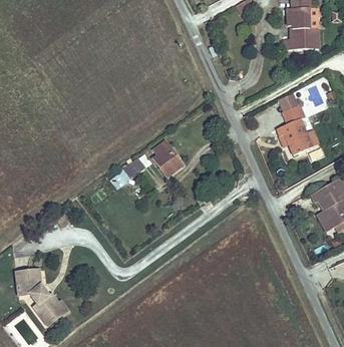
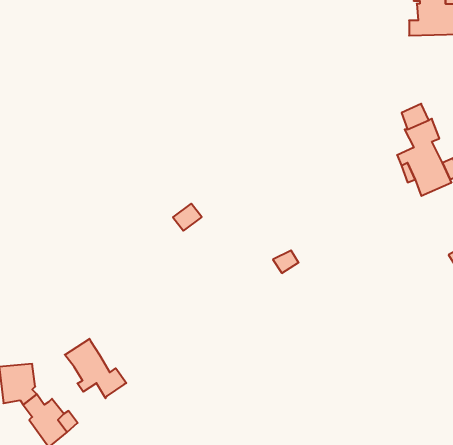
building: [155,138,184,173] -> none
building: none -> [65,339,126,398]

